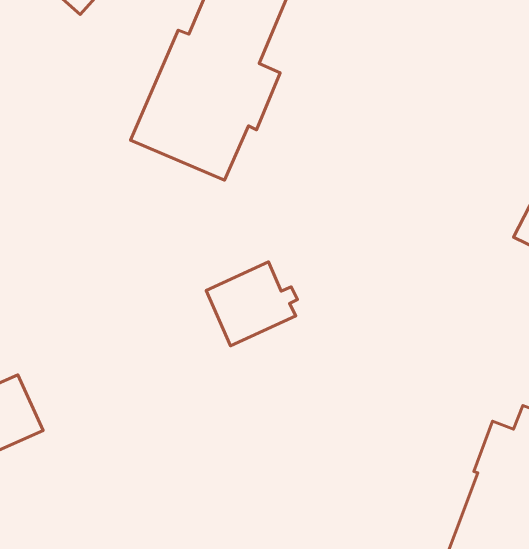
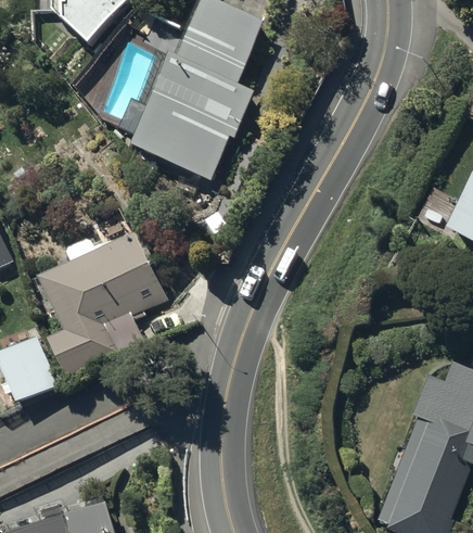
building: none -> [41,233,164,373]
building: [206,262,297,346] -> none

